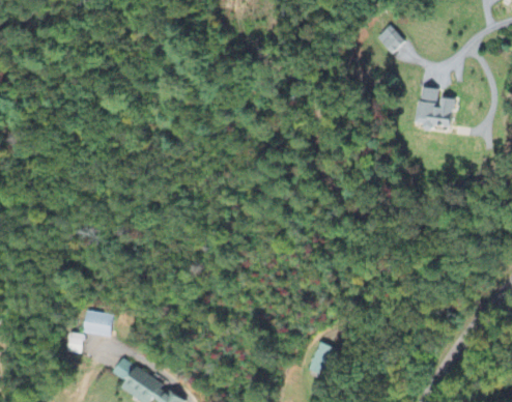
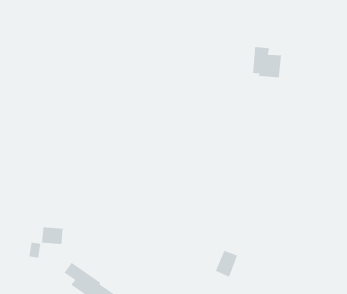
building: [376,25,405,53] -> none
building: [417,87,455,128] -> [252,46,282,78]

